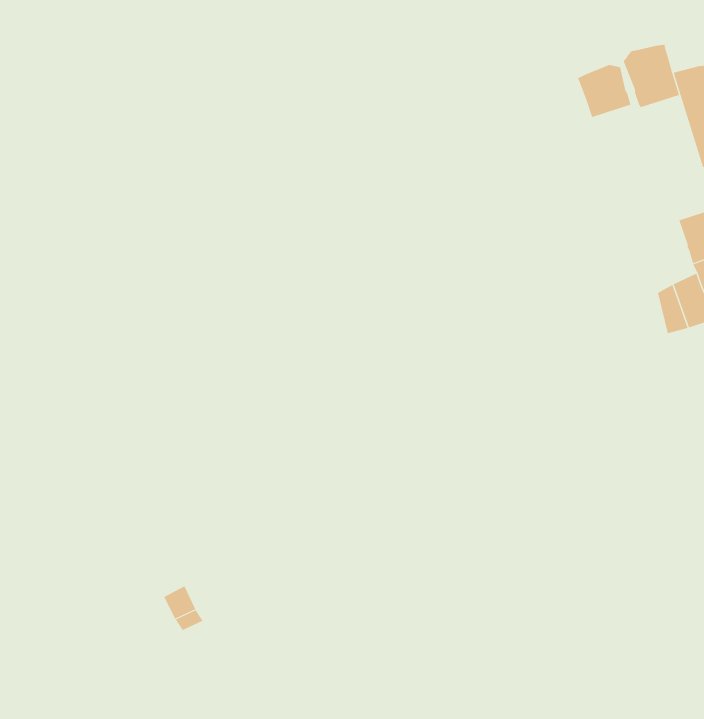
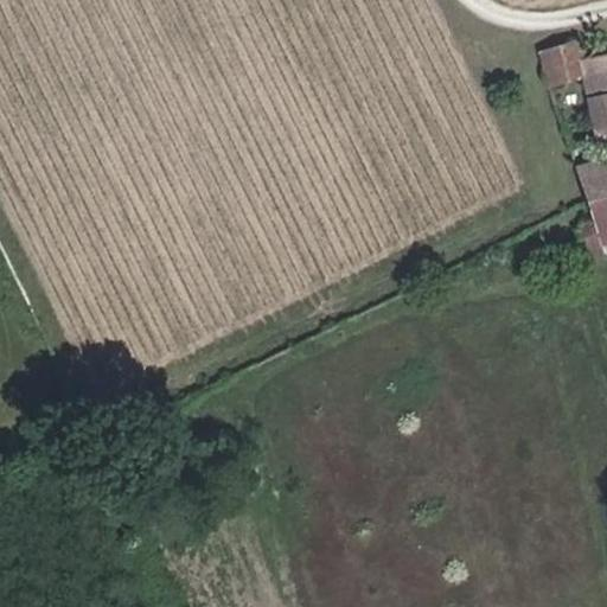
building: [577,64,631,118] -> none

